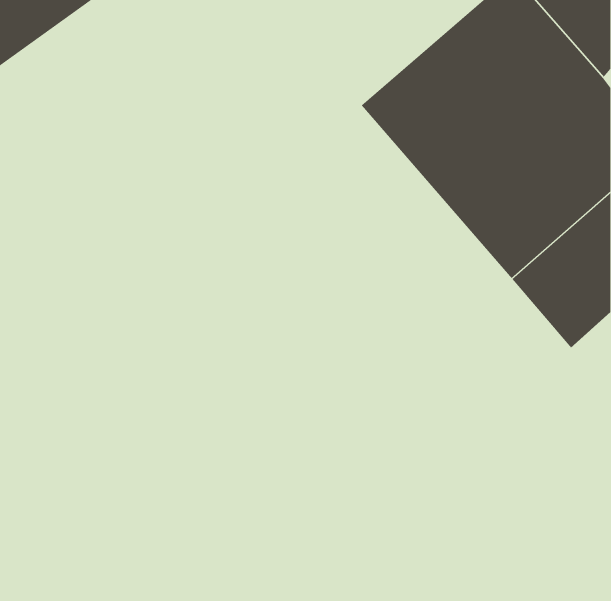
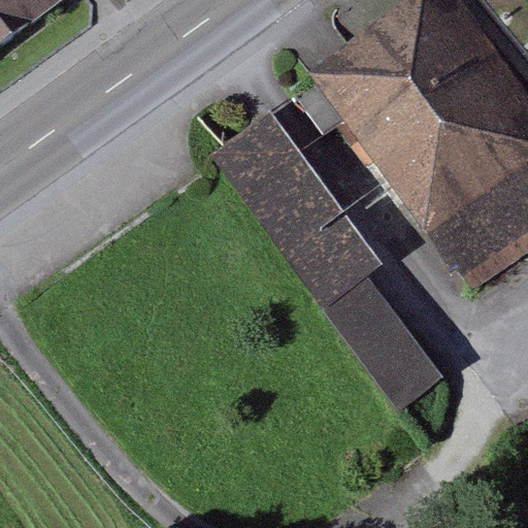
building: none -> [218,110,424,382]

